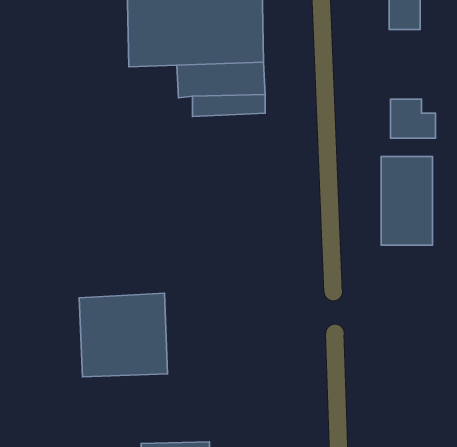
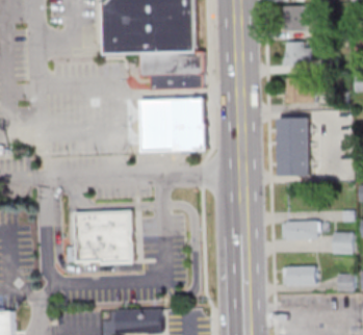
building: none -> [282,41,310,65]
building: none -> [142,100,208,153]
building: none -> [280,220,317,239]
building: none -> [281,265,315,285]

